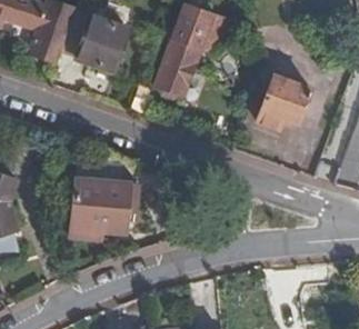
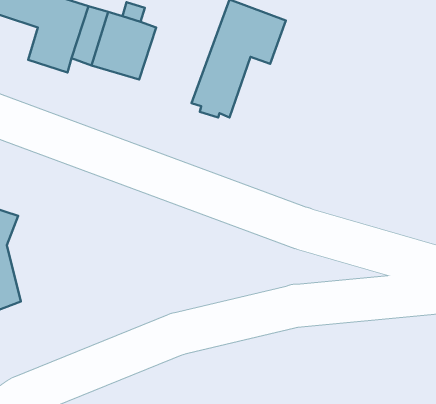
building: [253,70,311,129] -> none
building: [76,183,134,236] -> none

